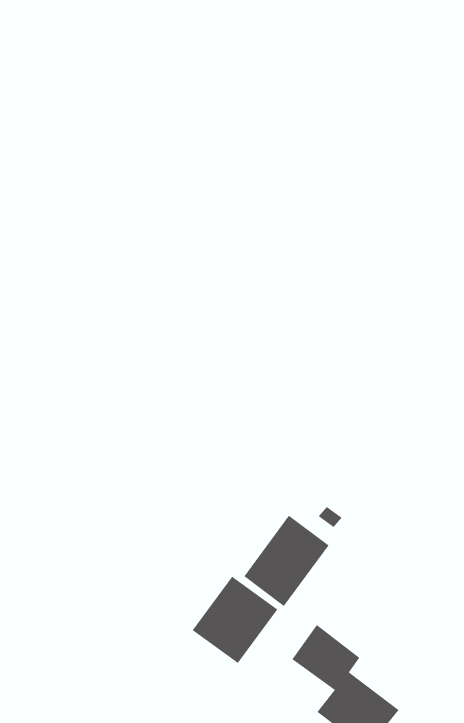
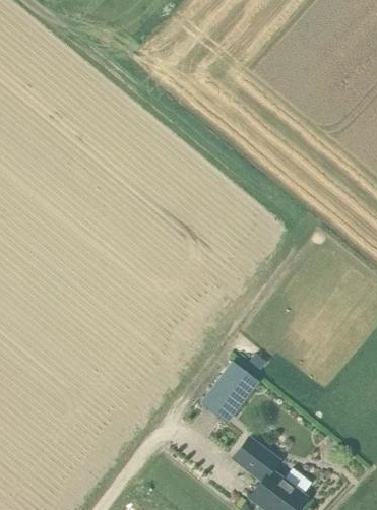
building: [192,576,278,664] -> none

